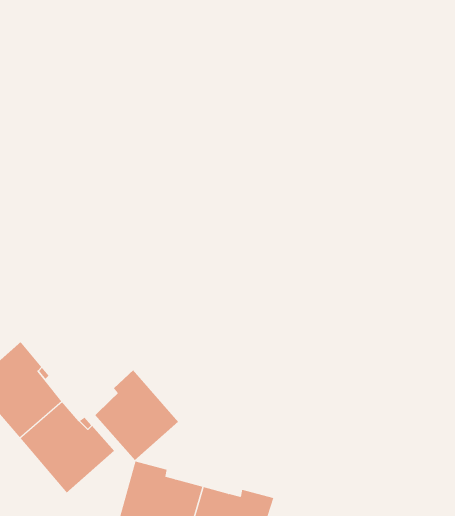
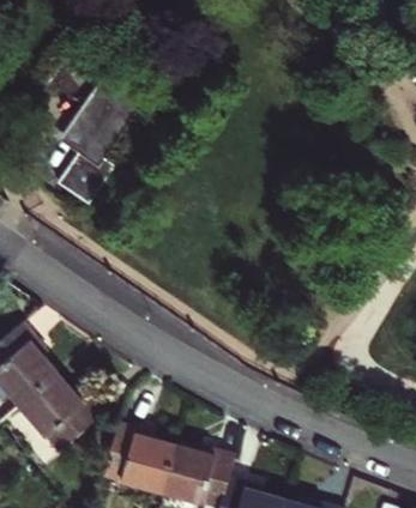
building: none -> [64,80,139,202]
building: [94,369,179,461] -> none

